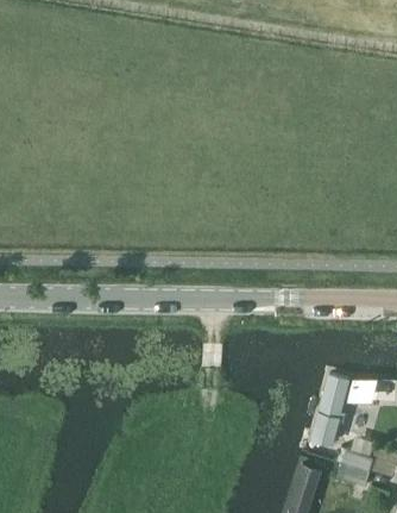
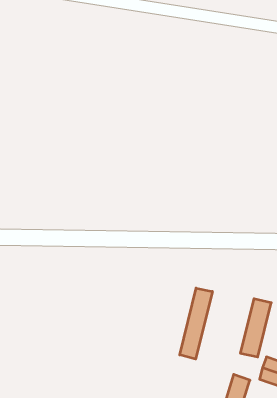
building: none -> [180,288,212,359]

